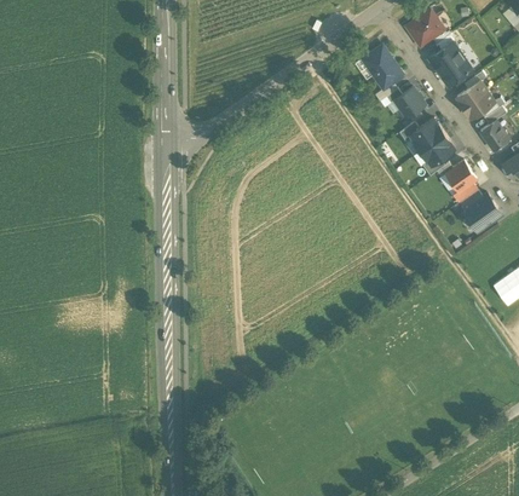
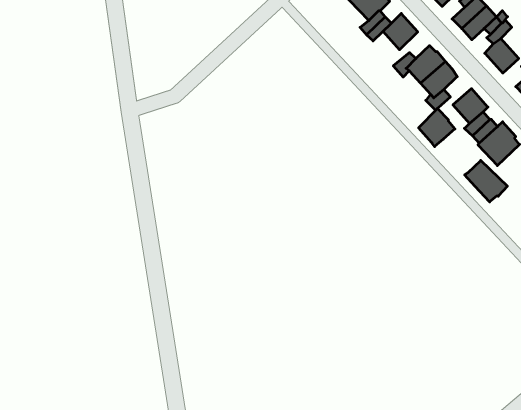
building: none -> [419,108,455,147]
building: none -> [465,160,507,202]

